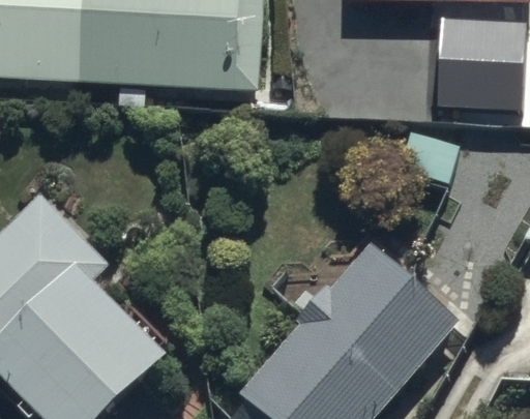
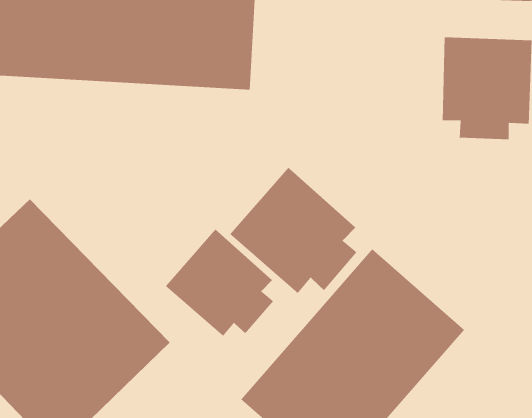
building: none -> [229,167,358,294]
building: none -> [165,229,274,337]

